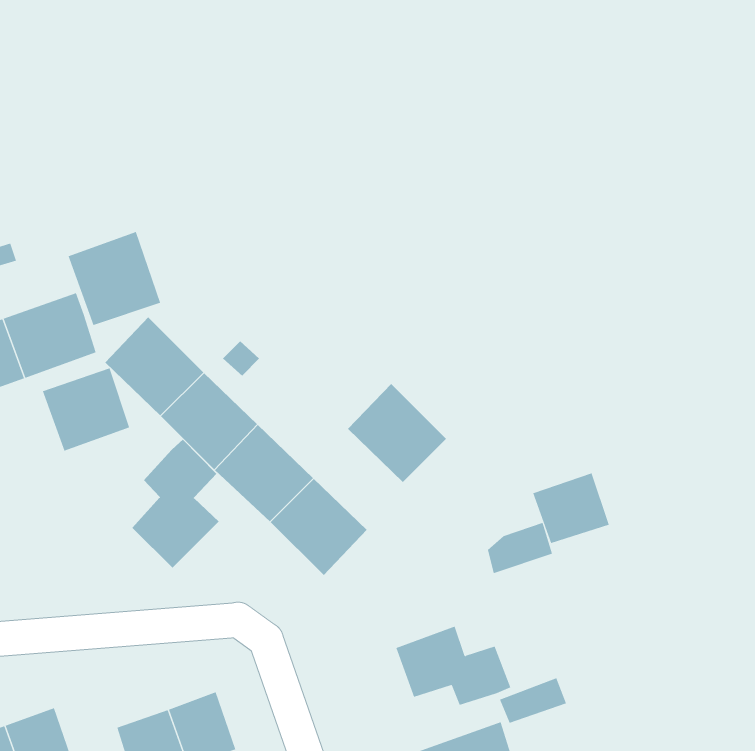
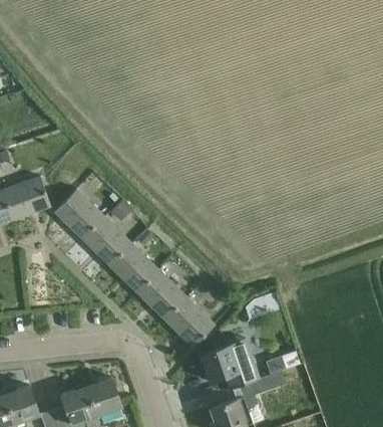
building: [68,231,161,326] -> none
building: [42,368,130,452] -> none
building: [347,383,447,483] -> [163,295,214,346]
building: [131,439,219,569] -> none
building: [533,473,609,544] -> none

